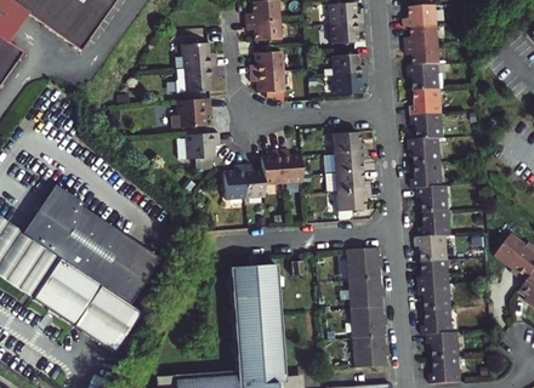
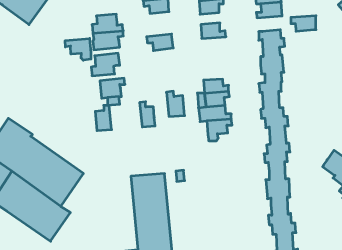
building: [404,42,439,64] -> [291,16,316,31]
building: [249,50,284,72] -> none
building: [326,72,360,92] -> none
building: none -> [65,38,91,60]
building: [257,149,280,184] -> none
building: [220,164,243,199] -> [95,105,112,131]
building: [346,244,388,364] -> none

